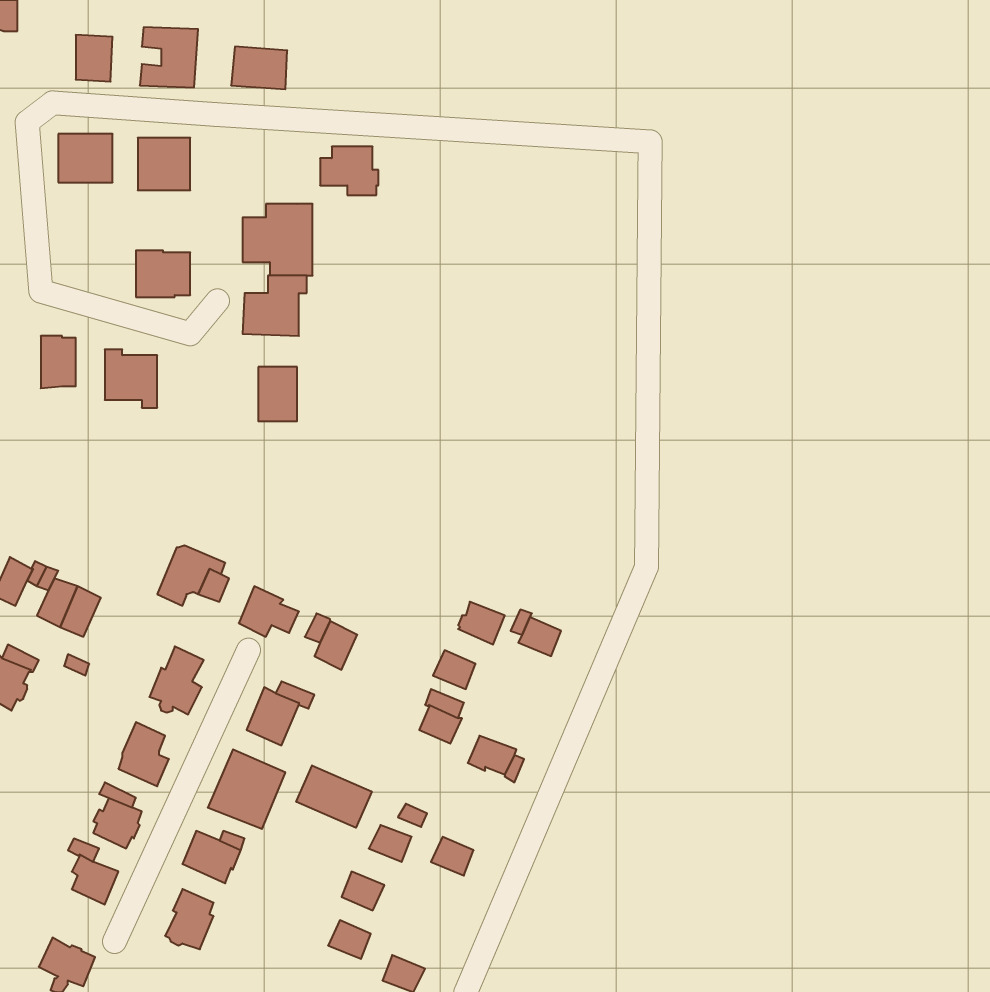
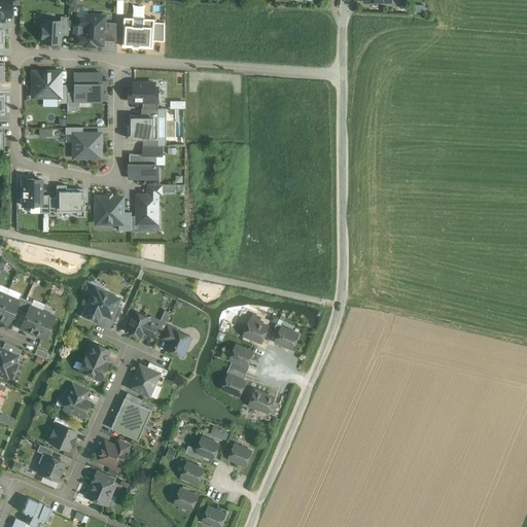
building: [320,147,378,195] -> [128,82,159,108]
building: none -> [96,196,122,222]
building: [296,765,372,828] -> none

